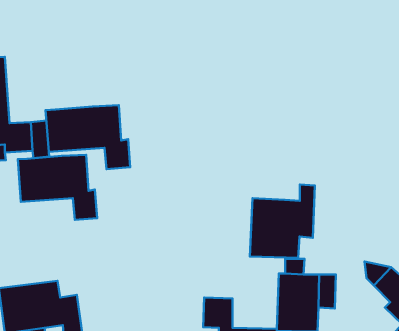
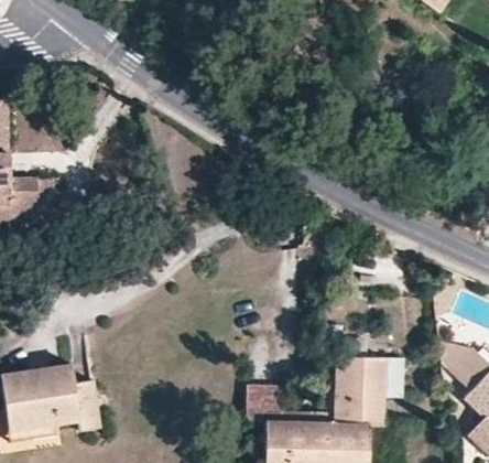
building: [46,105,130,169] -> none
building: [18,155,97,220] -> none
building: [250,184,315,258] -> none

